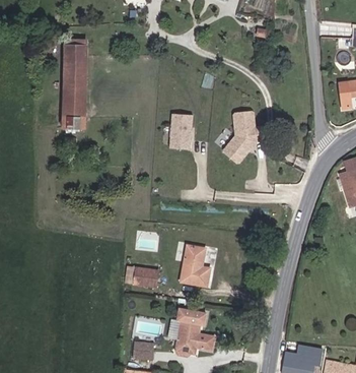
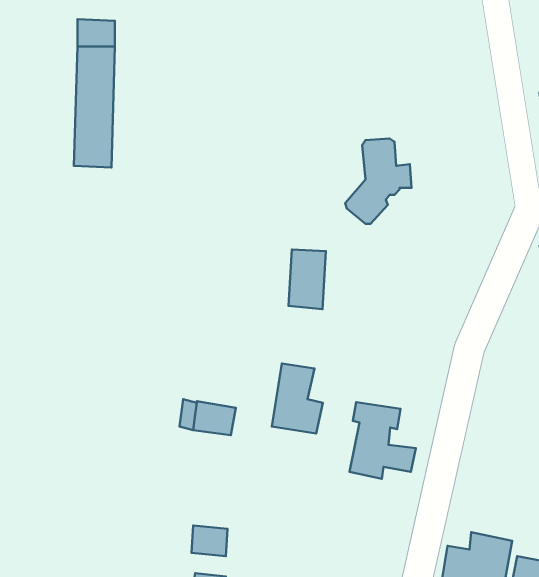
building: [170,113,193,148] -> [288,250,326,309]
building: [175,308,215,354] -> [349,402,416,479]

